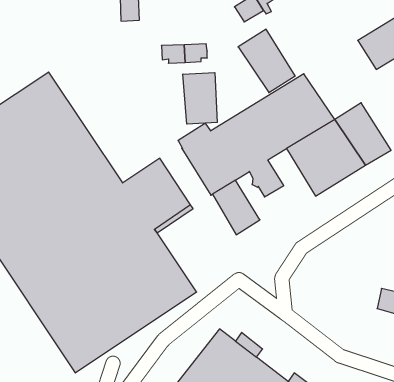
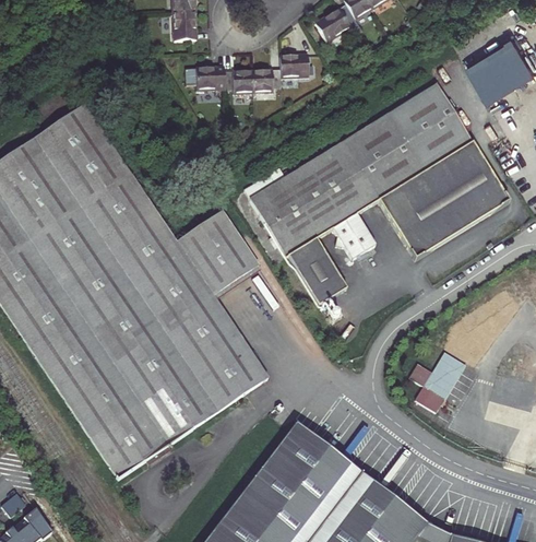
building: [238,29,295,93] -> [401,84,472,163]
building: none -> [279,54,308,78]
building: none -> [195,67,225,90]
building: [183,73,217,124] -> none
building: none -> [408,350,456,412]

